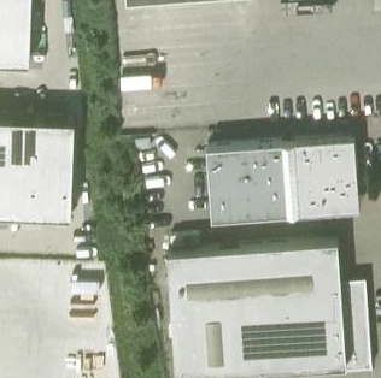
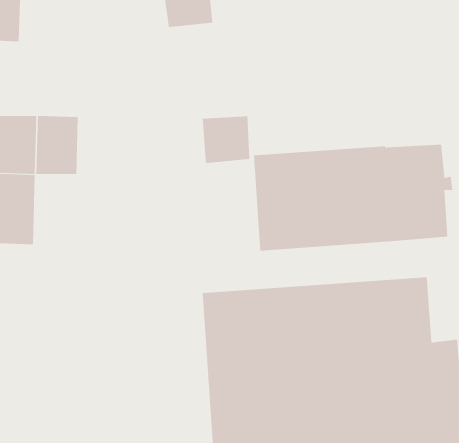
building: none -> [202,115,250,164]
building: [39,170,71,223] -> none

